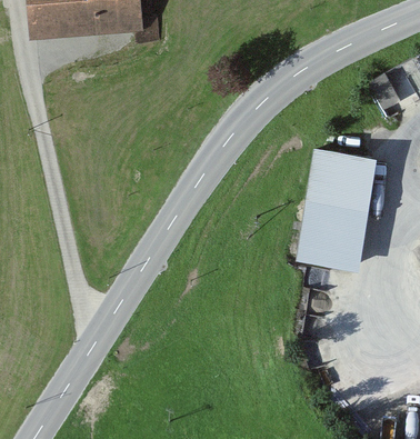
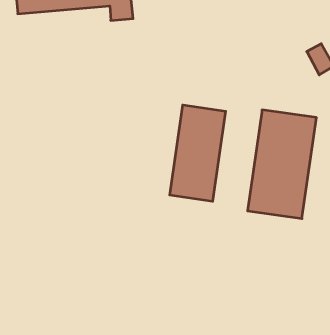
building: none -> [170,105,226,201]

